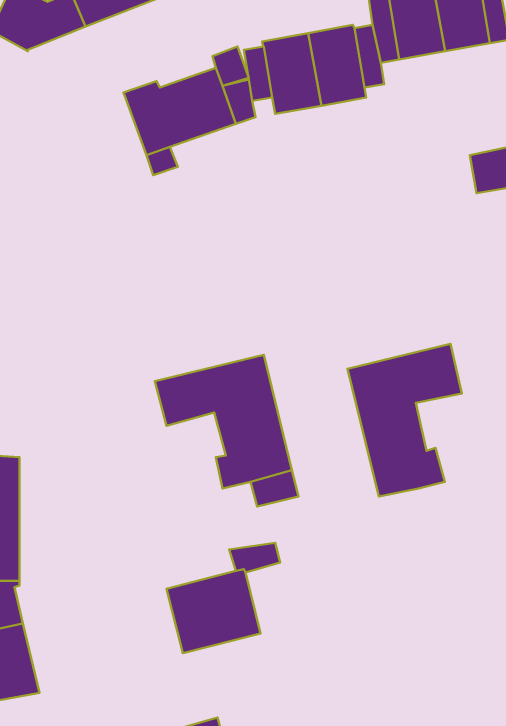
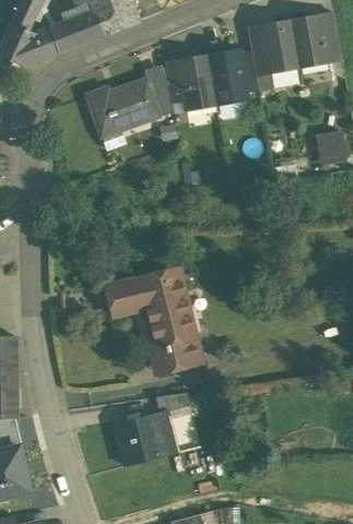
building: [348,344,462,497] -> none

